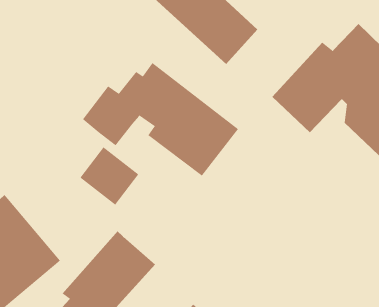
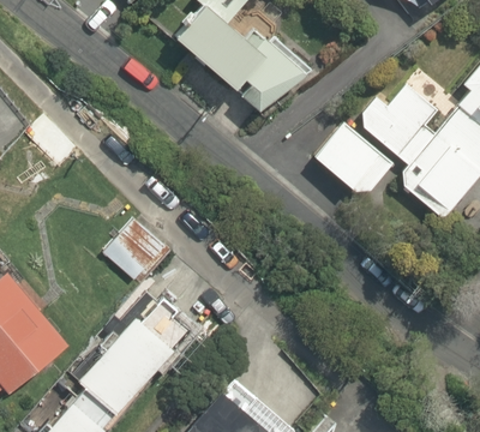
building: [82,62,239,177] -> none

